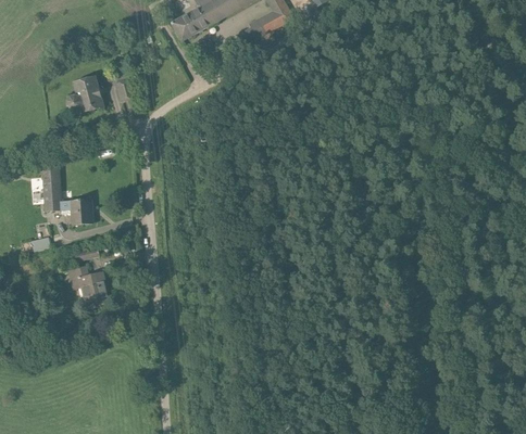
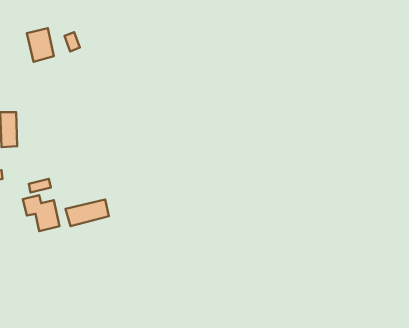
building: [70,199,92,221] -> none
building: none -> [66,200,109,226]

